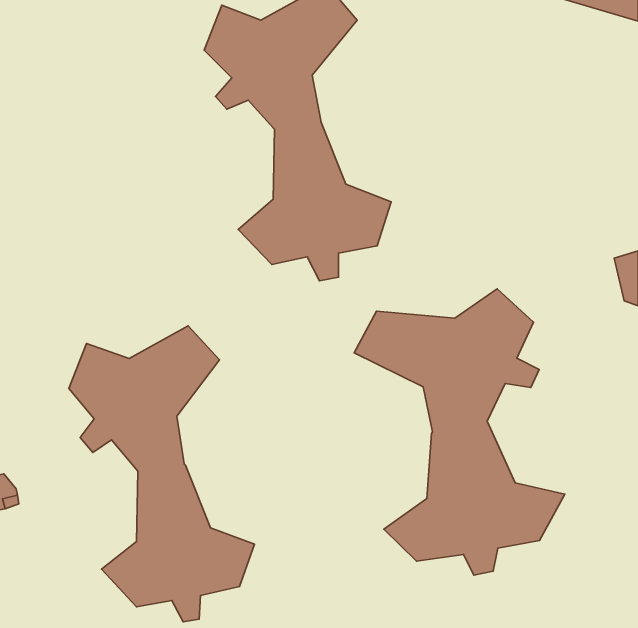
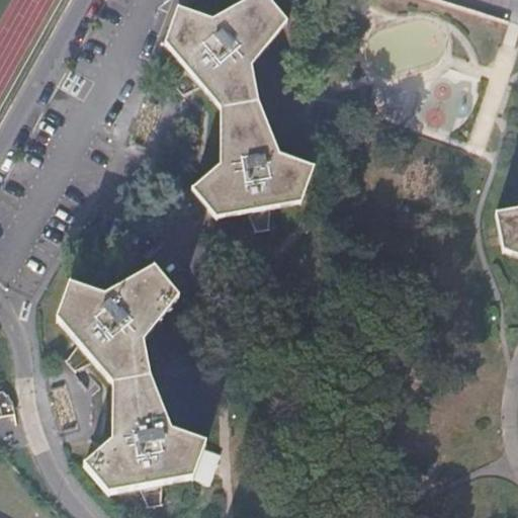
building: [354,289,565,575] -> none

